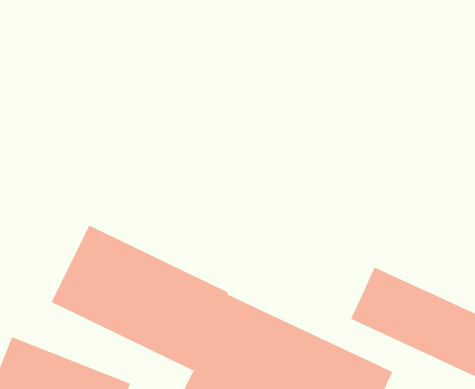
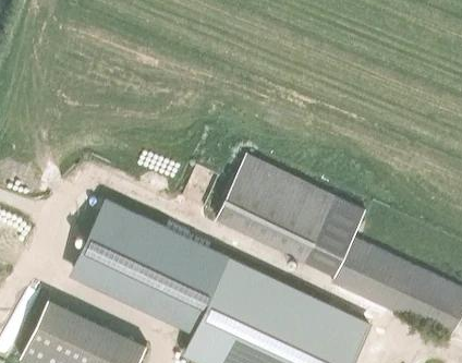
building: none -> [216,156,366,275]

